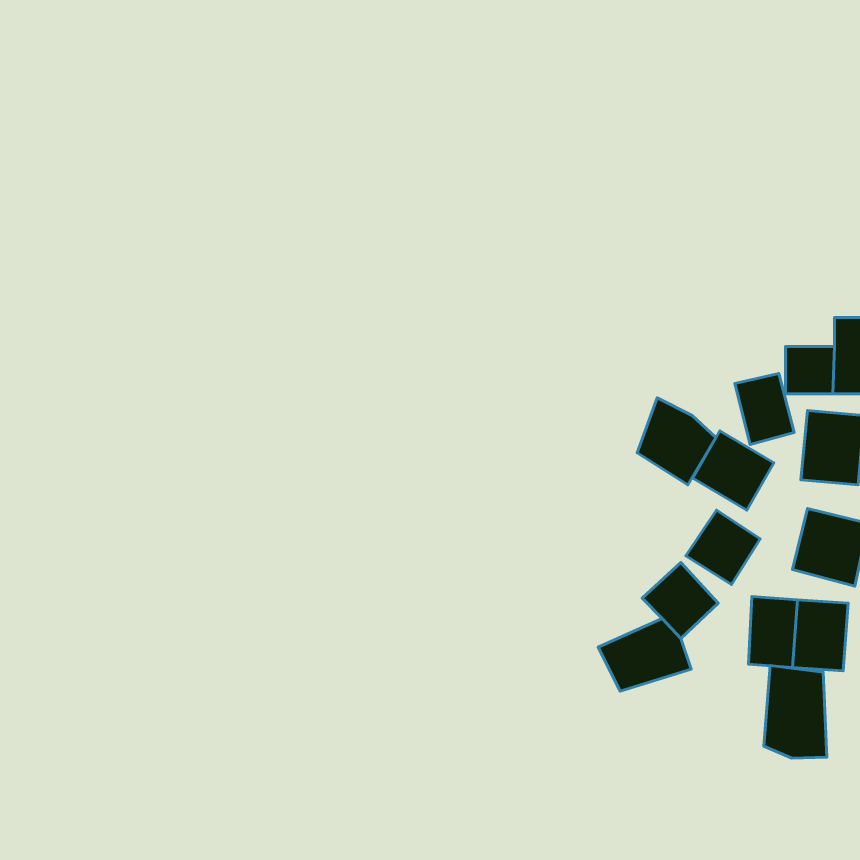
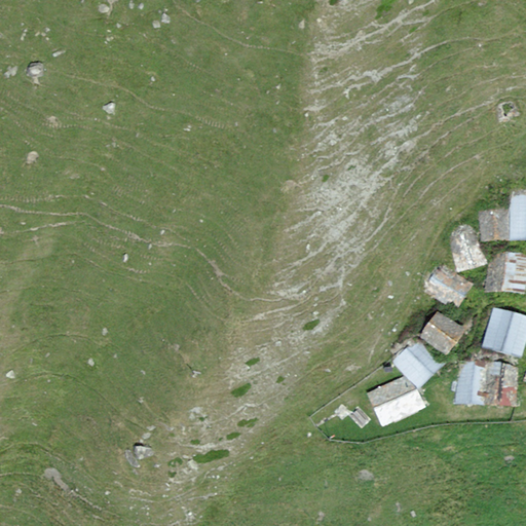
building: [637,398,716,485] -> none
building: [764,666,827,758] -> none

